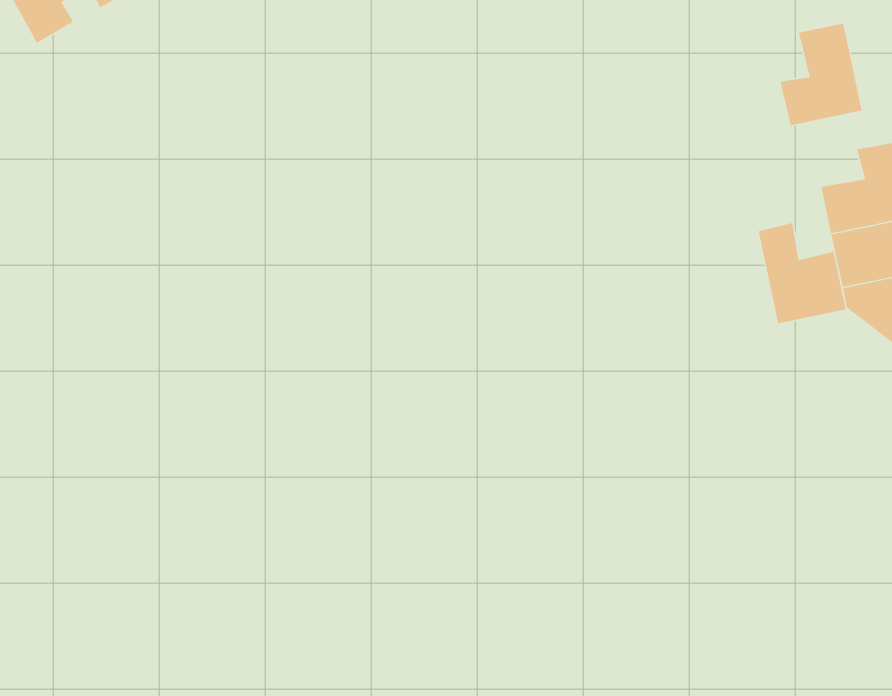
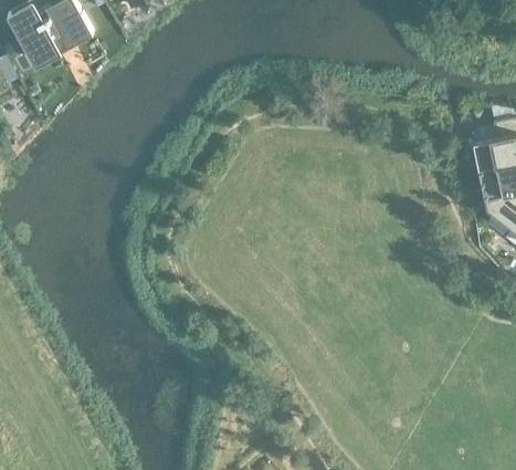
building: [780,23,862,126] -> none
building: [758,222,846,324] -> none

